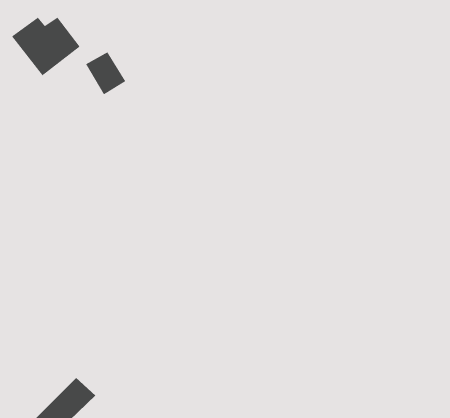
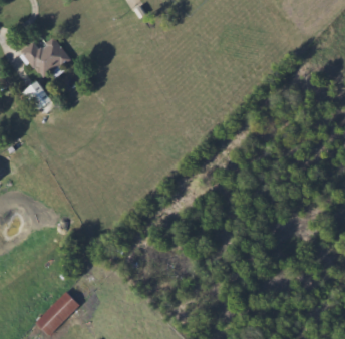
building: [85,51,126,95] -> [21,80,50,111]

